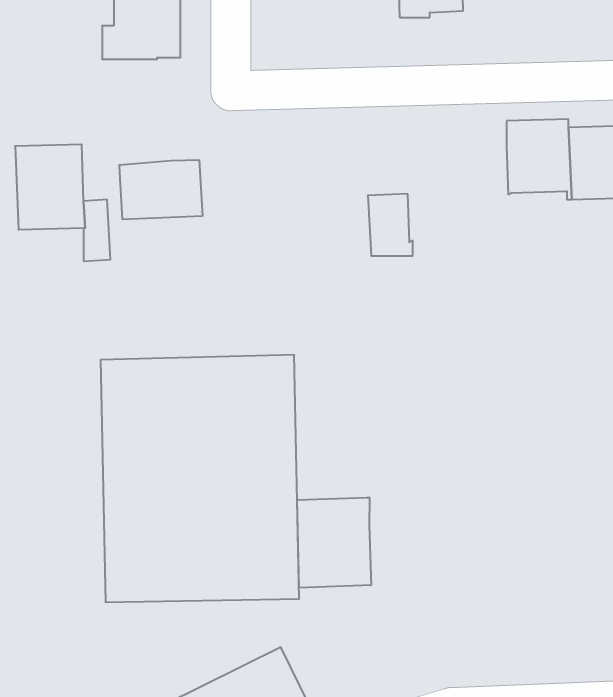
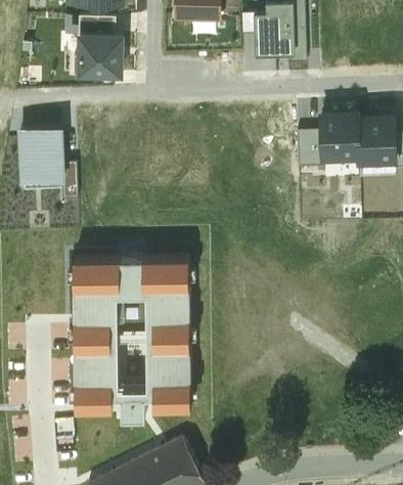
building: [119,160,202,219] -> none
building: [368,194,413,256] -> [296,130,323,168]
building: [297,497,371,588] -> none

